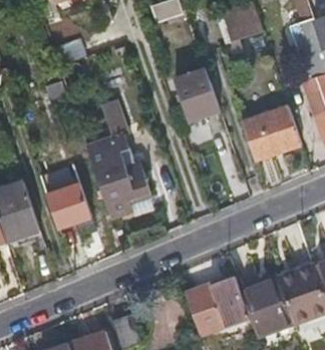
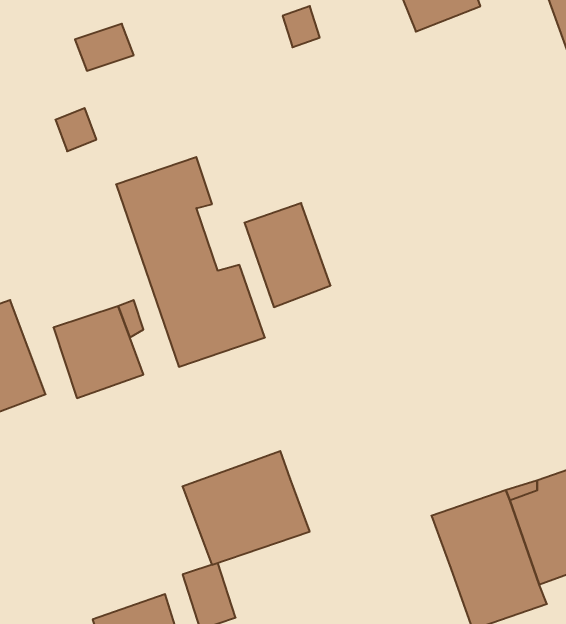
building: [176,66,220,119] -> [244,203,331,307]
building: [242,104,302,158] -> none
building: [184,276,249,334] -> [182,451,310,565]

